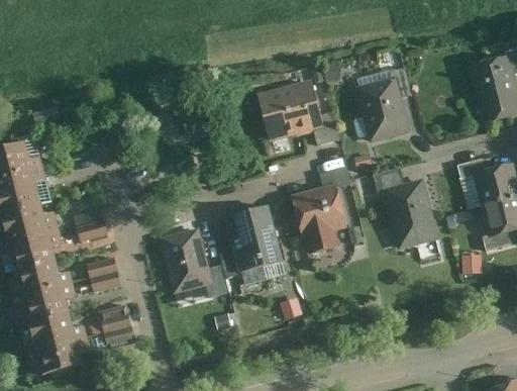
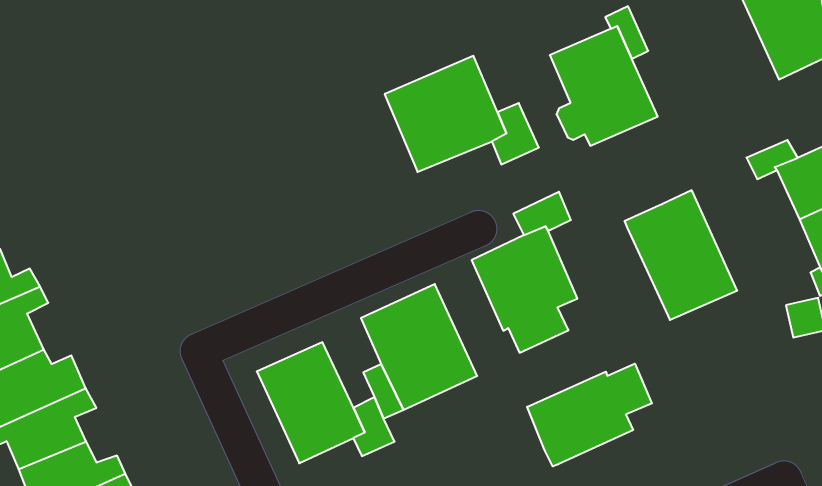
building: [373,168,405,194] -> none
building: [79,210,112,237] -> none
building: [92,262,125,290] -> none
building: none -> [527,364,652,466]

